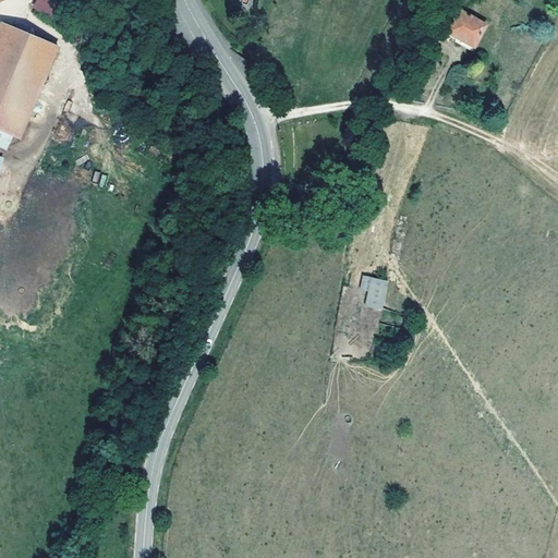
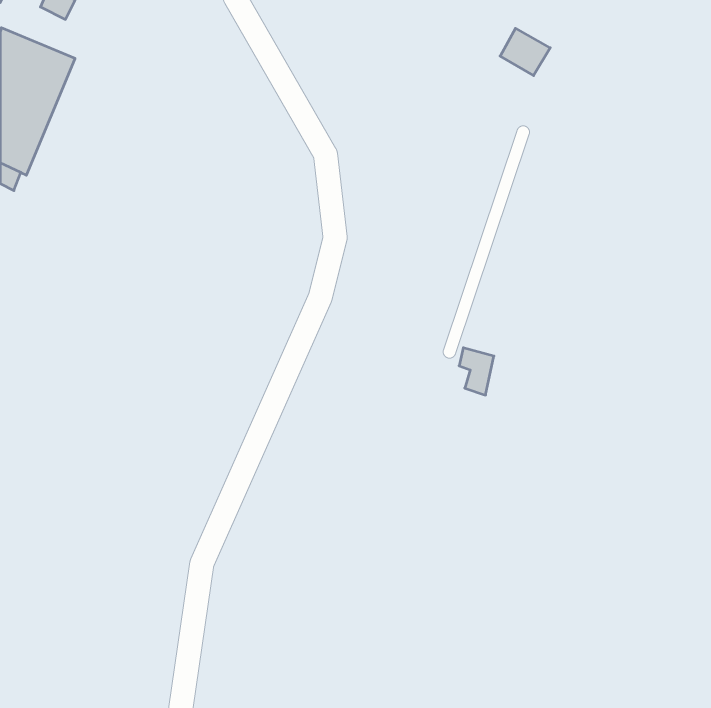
building: [447,7,486,44] -> [500,28,550,76]

